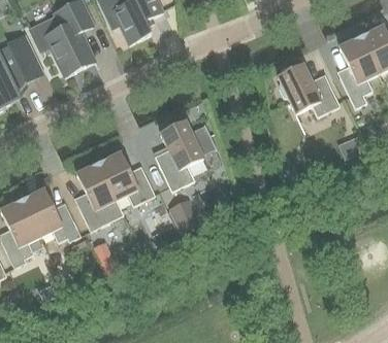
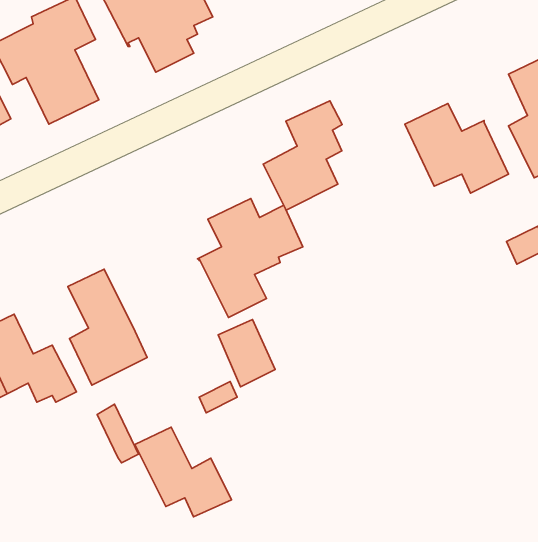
building: none -> [263,101,342,210]
building: [98,151,156,205] -> [135,427,232,517]

